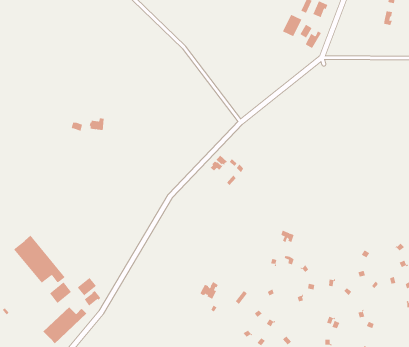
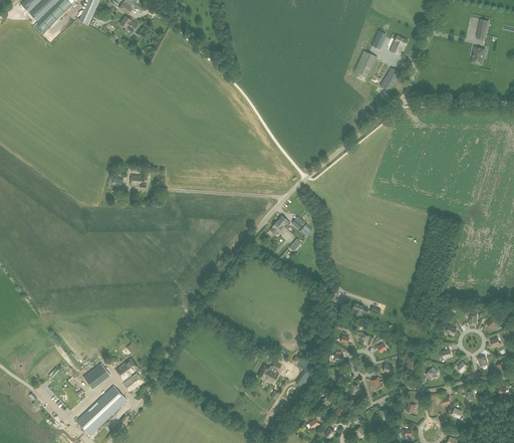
building: [13,235,66,284] -> none

